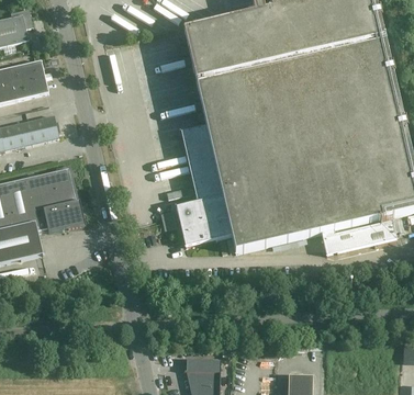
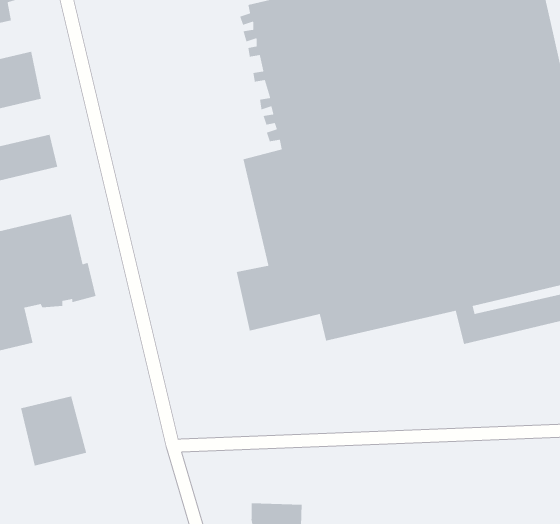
building: none -> [20,396,87,466]

